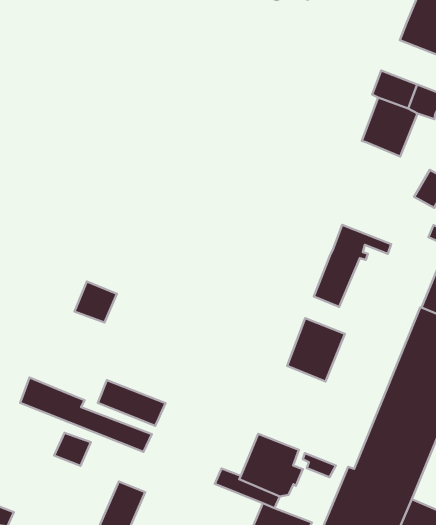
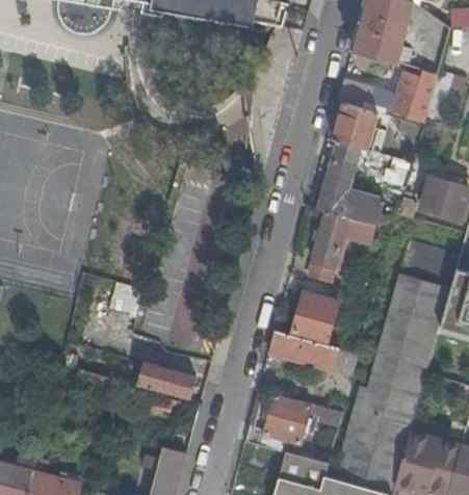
building: none -> [317,140,382,225]
building: none -> [269,330,358,375]

